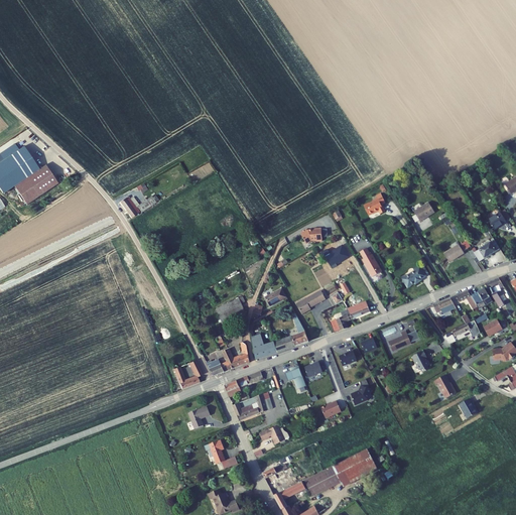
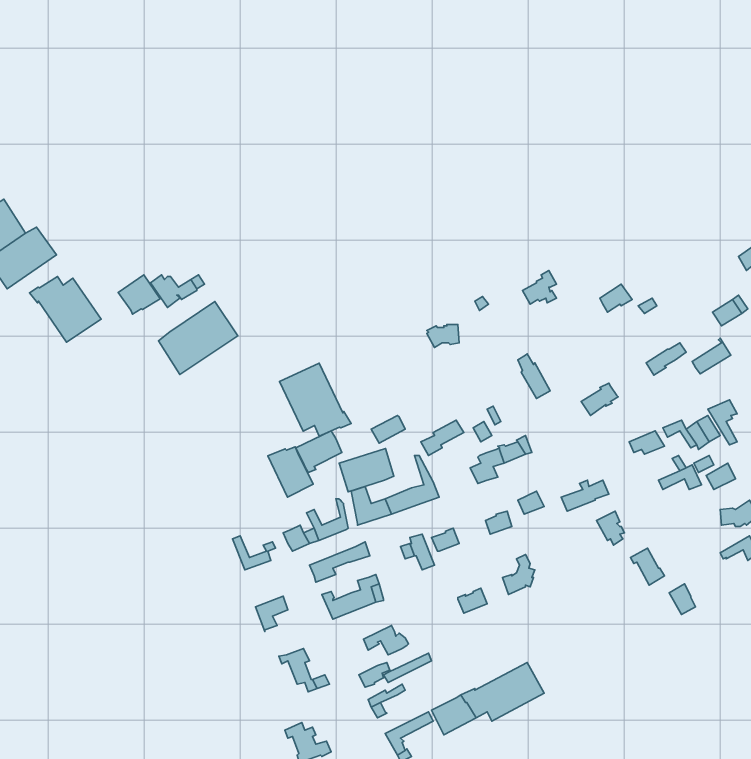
building: none -> [118,275,160,314]
building: none -> [29,276,101,342]
building: none -> [159,302,238,374]
building: none -> [279,363,351,436]
building: none -> [268,447,313,497]
building: none -> [339,449,394,492]

